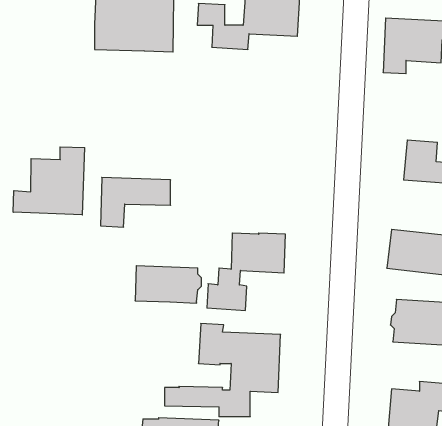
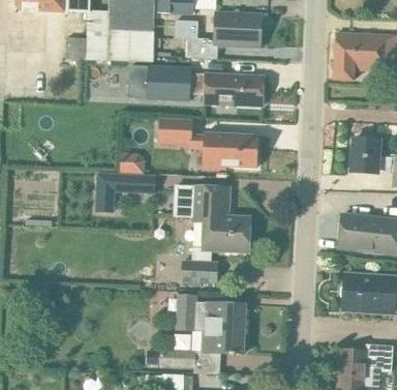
building: none -> [144,65,263,104]
building: none -> [158,118,257,169]
building: [13,147,85,215] -> none
building: [135,266,201,303] -> [174,185,231,217]

